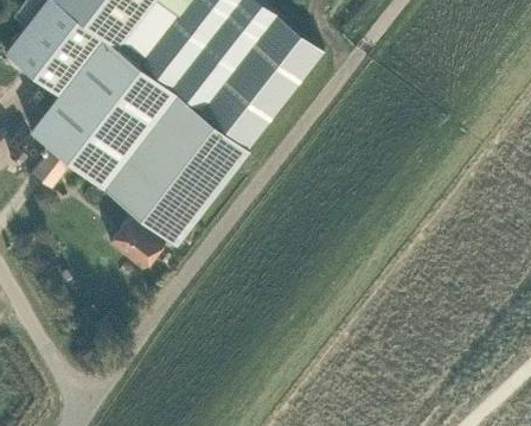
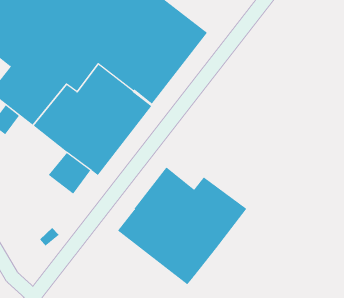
building: none -> [117,167,247,285]

